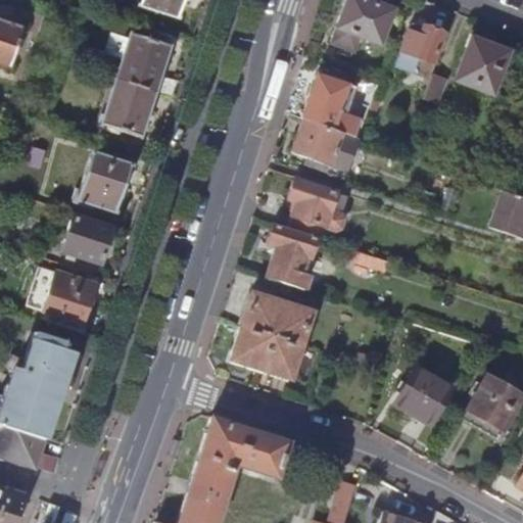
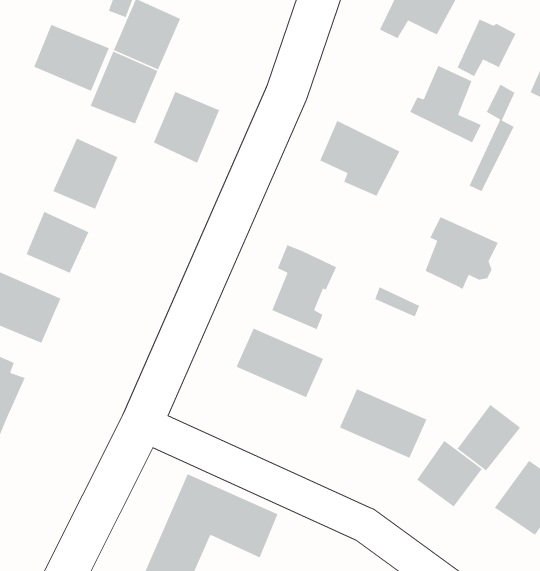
building: none -> [33,24,110,92]
building: [305,76,366,137] -> [409,65,482,144]
building: none -> [153,91,220,164]
building: [289,180,347,238] -> [424,216,499,290]
building: [232,326,303,379] -> [339,388,428,459]
building: none -> [457,404,521,472]

